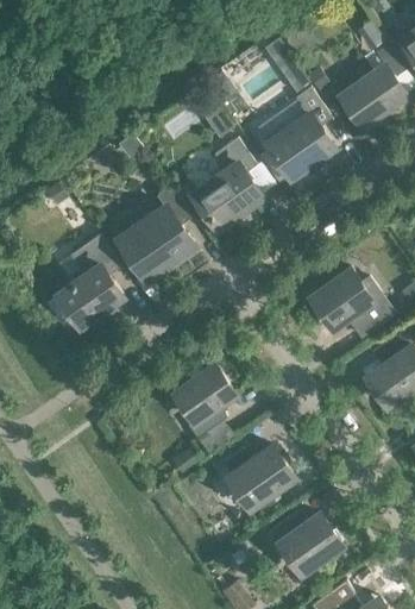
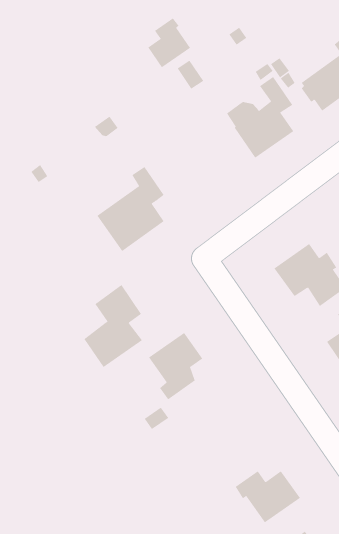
building: none -> [147,18,191,68]
building: [193,139,262,230] -> none
building: [58,236,122,326] -> [83,284,143,368]
building: [222,447,293,508] -> none

